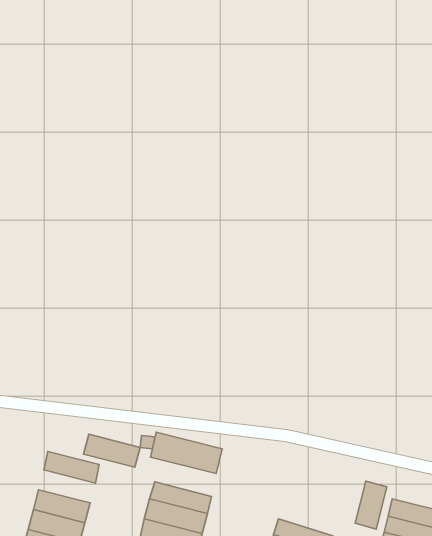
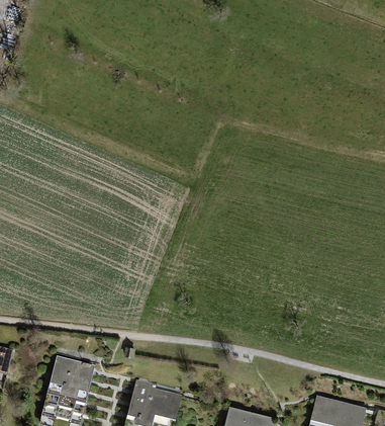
building: [150,432,222,474] -> none
building: [83,434,140,467] -> [47,369,91,395]
building: [355,481,387,529] -> none

